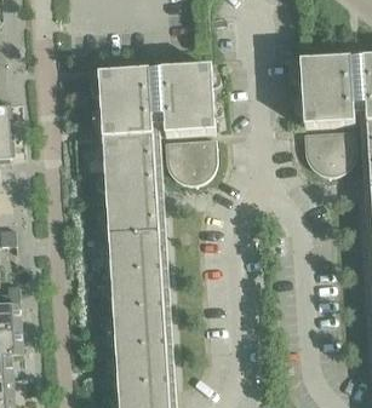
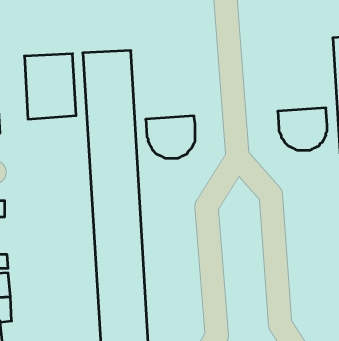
building: [301,59,355,128] -> none
building: [161,68,216,137] -> [24,54,76,119]

